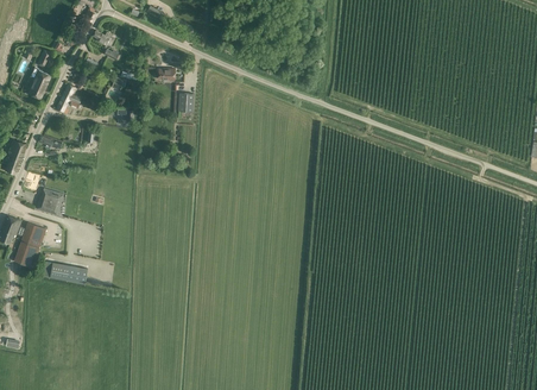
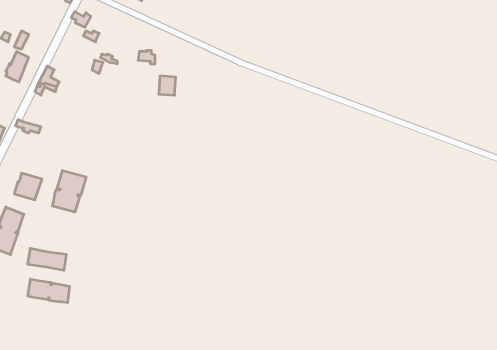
building: none -> [52,170,86,212]
building: none -> [28,279,70,303]

